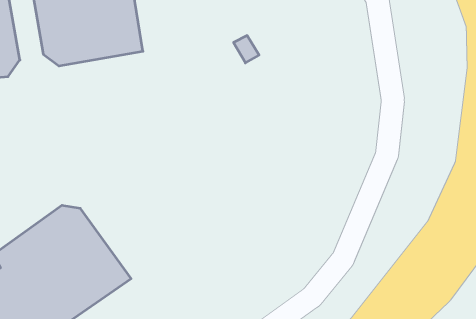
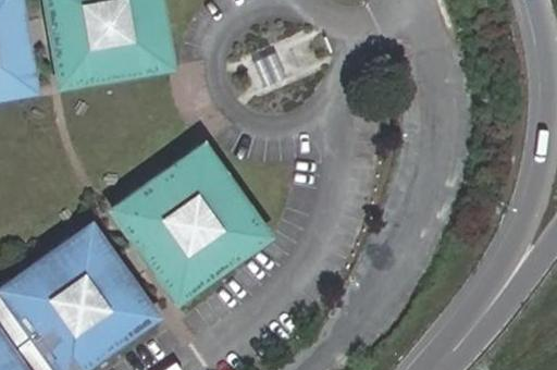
building: none -> [123,141,269,296]

